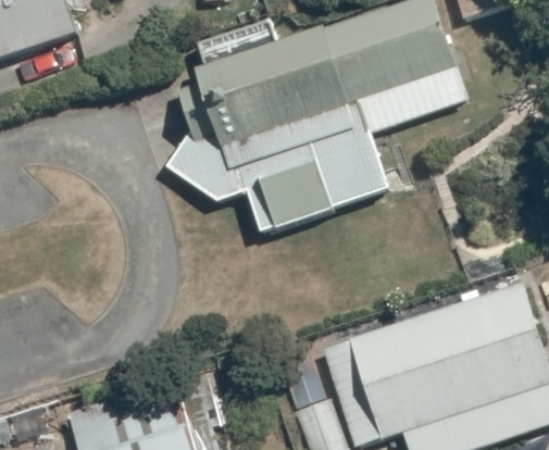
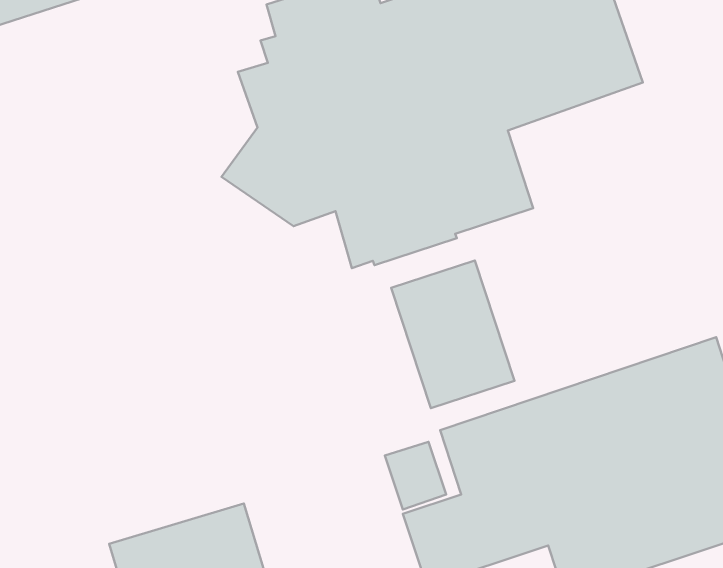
building: none -> [391,260,514,408]

